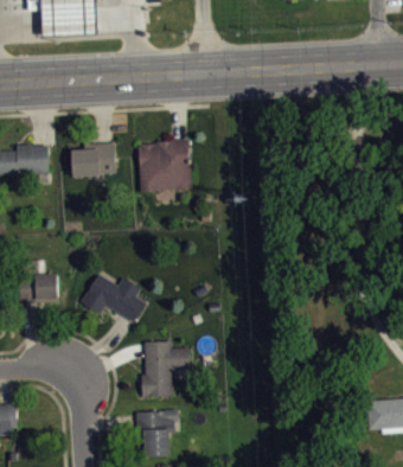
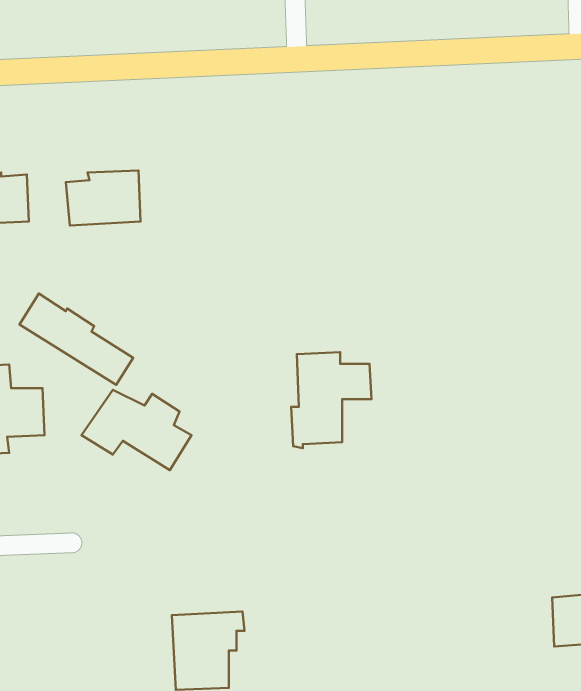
building: [139,139,192,192] -> none
building: none -> [20,294,133,385]
building: [141,341,190,399] -> [291,352,371,448]

